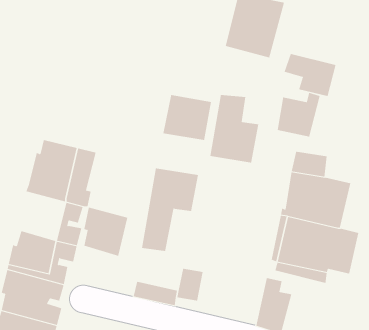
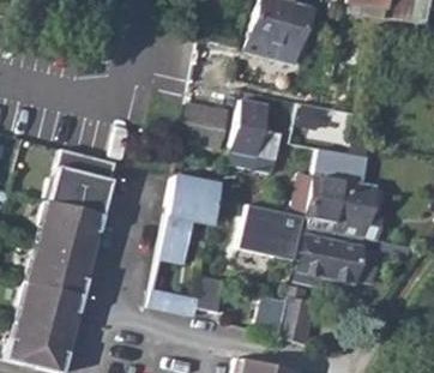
building: [284,53,336,97] -> none
building: none -> [245,211,297,266]
building: [83,207,128,256] -> [40,199,85,249]

